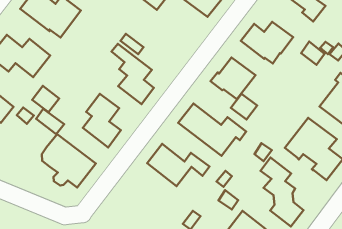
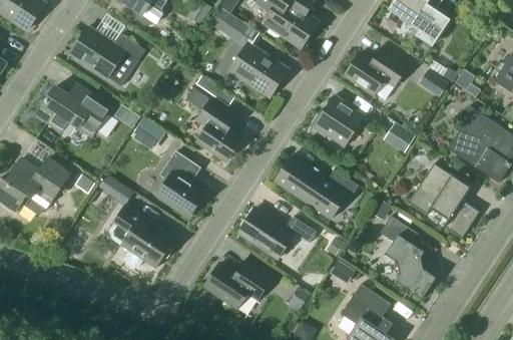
building: none -> [230,43,288,96]
building: [32,86,59,112] -> [131,119,164,151]
building: [231,94,257,119] -> [384,122,416,153]
building: none -> [204,262,272,308]

